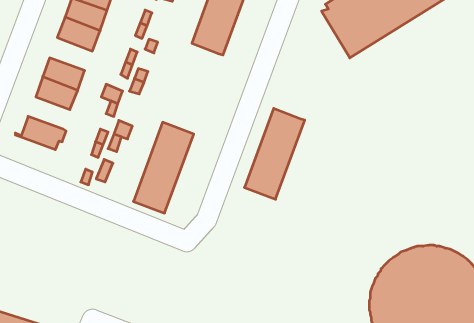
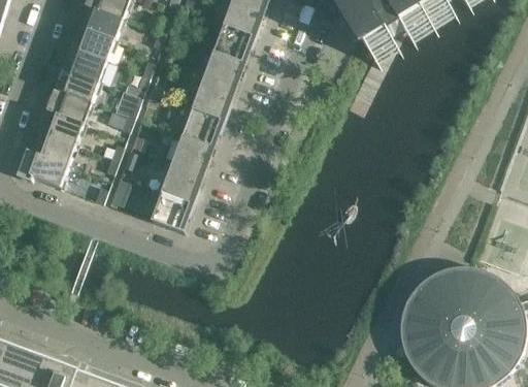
building: none -> [60,47,105,83]
building: none -> [37,110,86,144]
building: [244,108,305,199] -> [179,54,243,150]
building: none -> [14,151,67,189]

